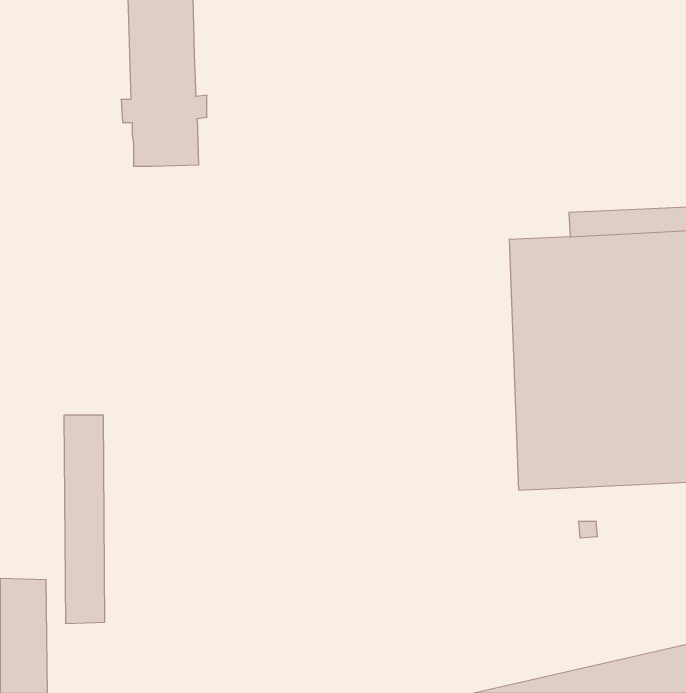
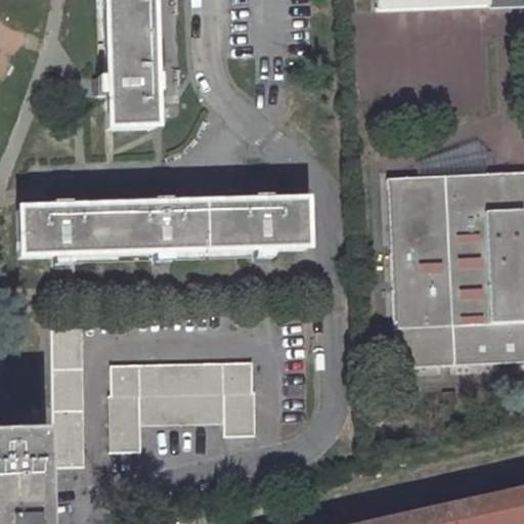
building: none -> [19,193,308,265]
building: none -> [115,364,258,454]

